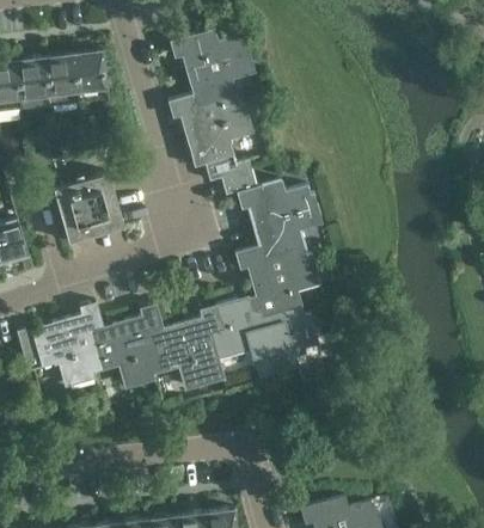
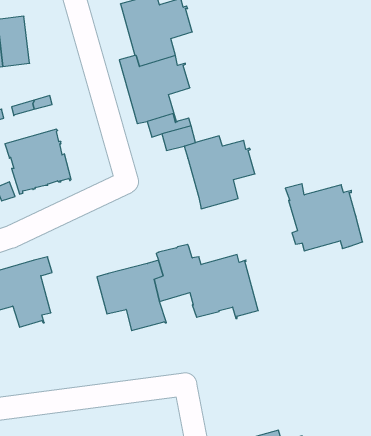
building: [73,50,108,104] -> none
building: [241,247,324,319] -> [285,184,363,251]
building: [91,312,163,388] -> none

